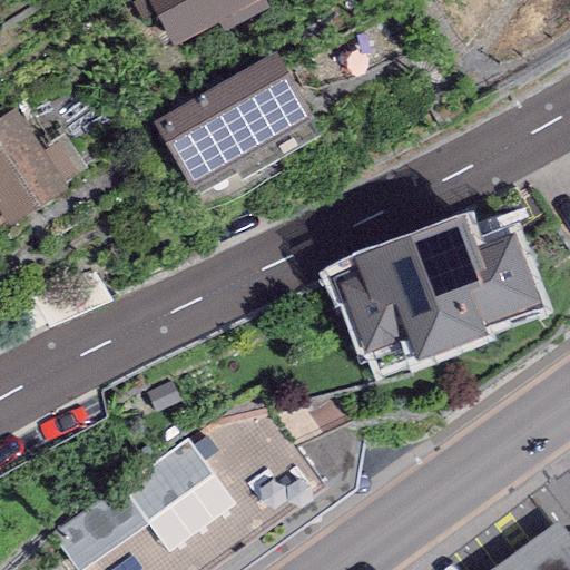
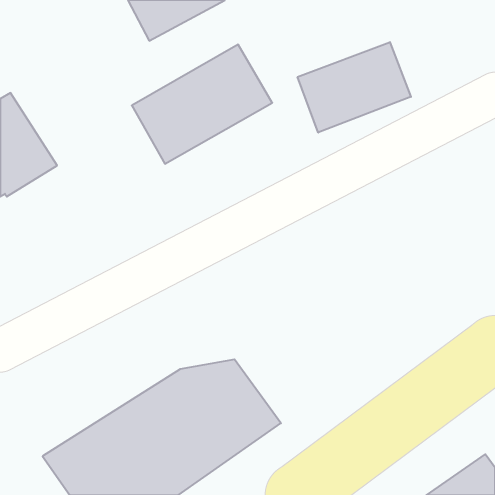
building: none -> [298,42,411,133]
building: [340,215,538,361] -> none

